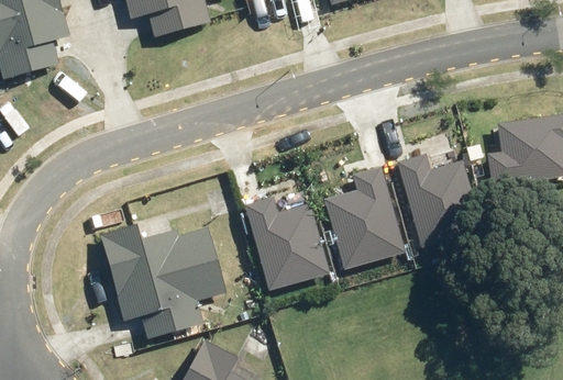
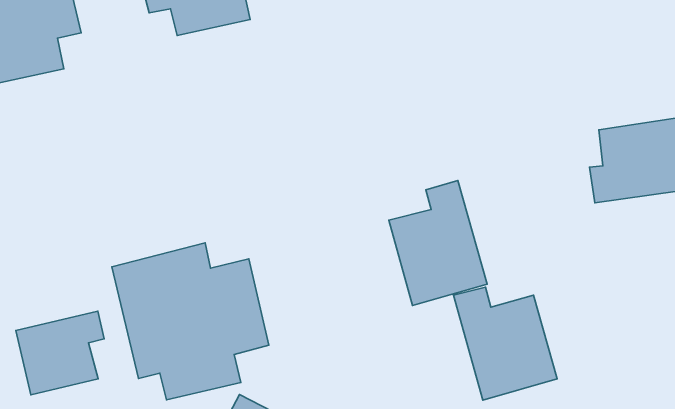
building: [397,149,483,243] -> [454,287,557,400]
building: [246,192,331,286] -> none
building: none -> [16,311,104,395]

